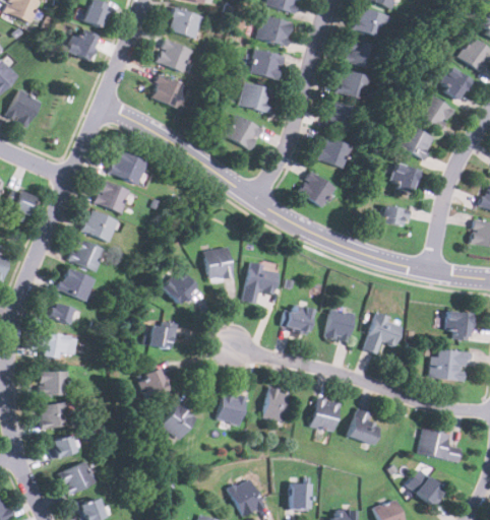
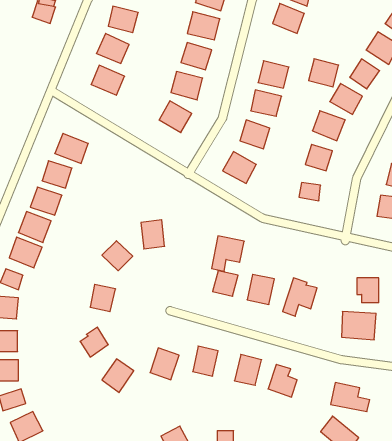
building: [66,29,99,60] -> none
building: [344,38,377,69] -> [309,59,339,87]
building: [243,263,280,303] -> [212,236,244,271]

